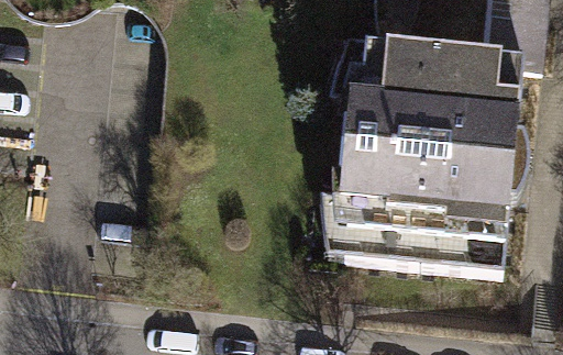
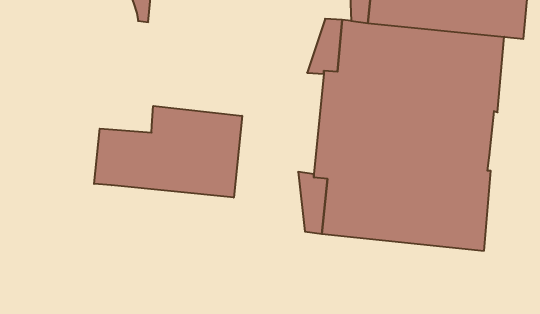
building: none -> [94,106,242,198]

